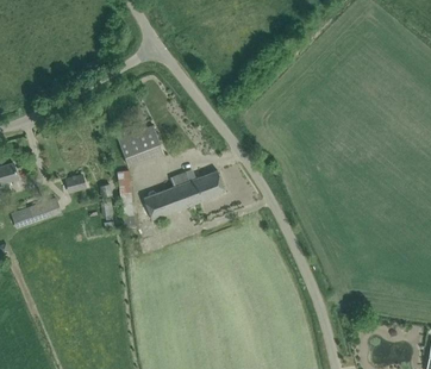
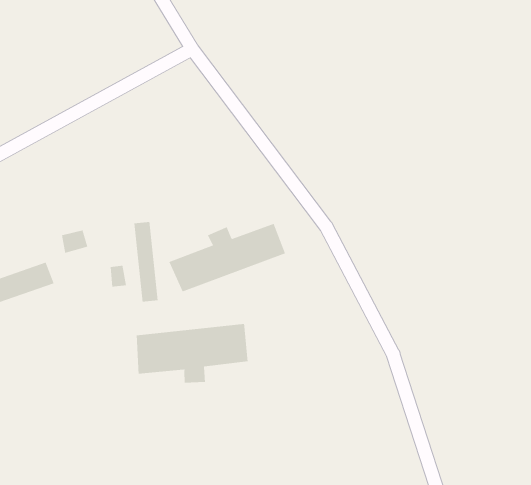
building: [118,123,164,165] -> none
building: none -> [136,323,248,384]

